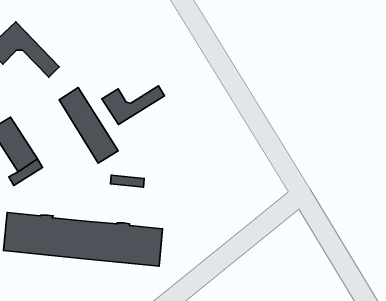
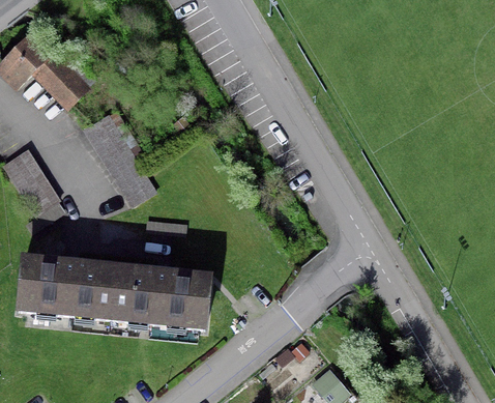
building: [102,86,164,125] -> none

